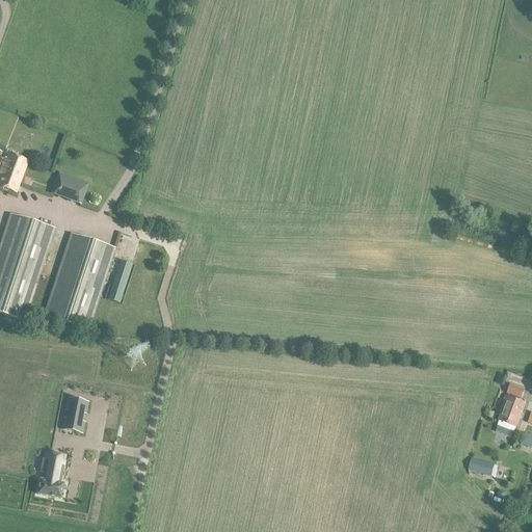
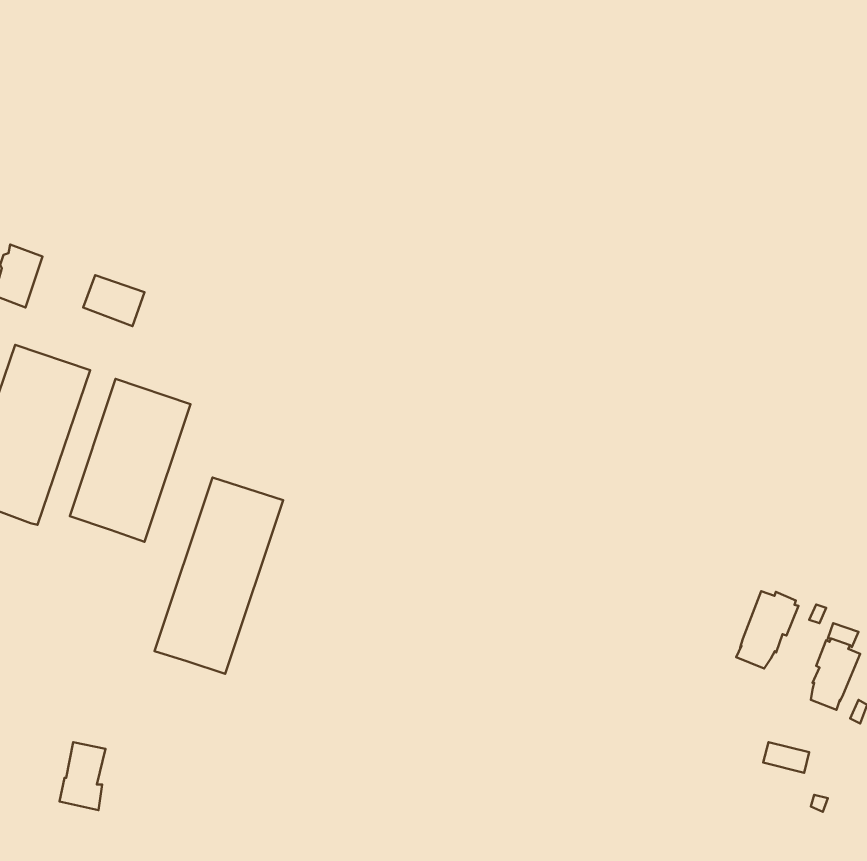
building: none -> [155,477,283,674]
building: none -> [736,591,798,668]
building: [54,394,80,428] -> none

